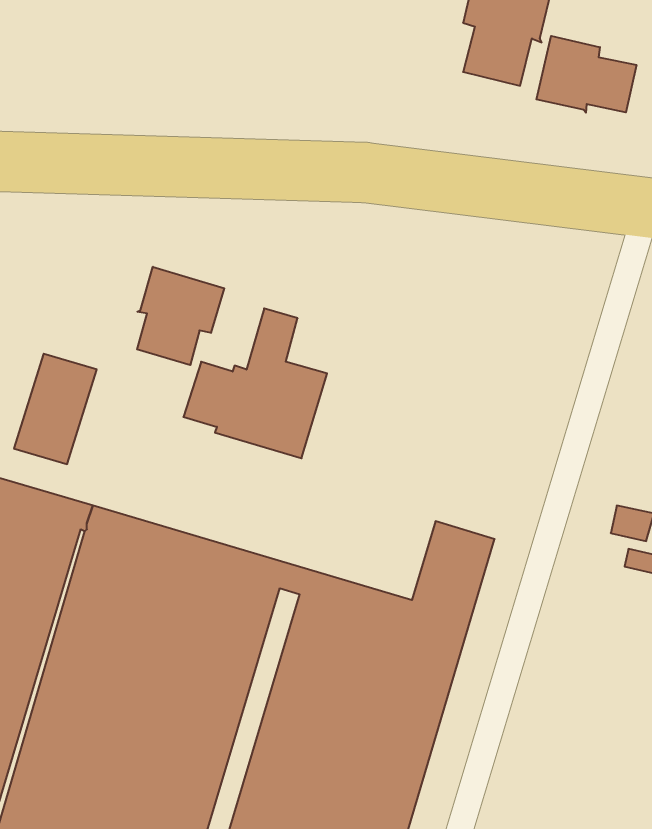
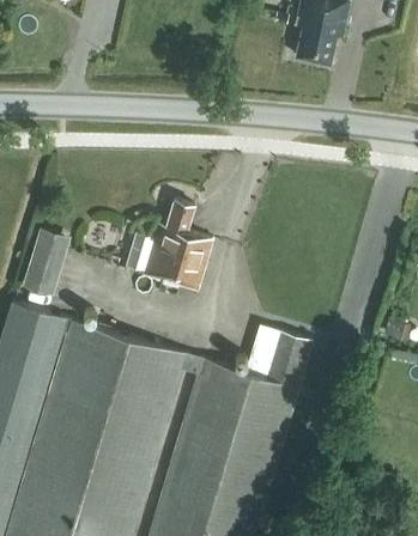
building: [536,36,636,113] -> none
building: [137,267,224,365] -> none

